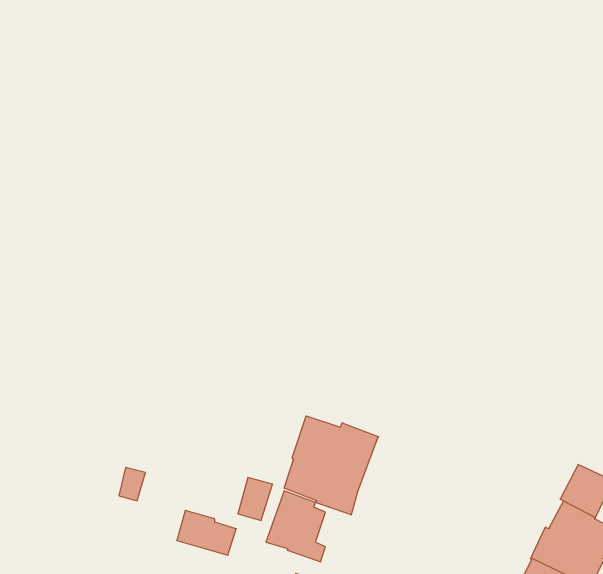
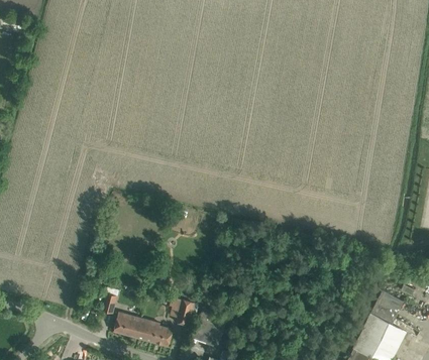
building: [284,416,379,515] -> none
building: none -> [113,313,141,337]

